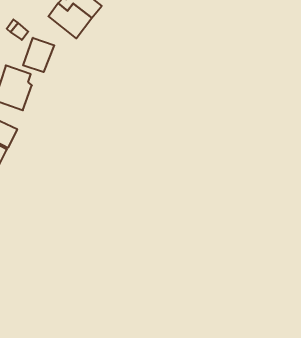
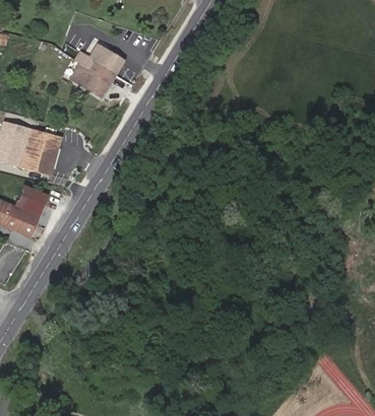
building: [23,38,54,72] -> none

